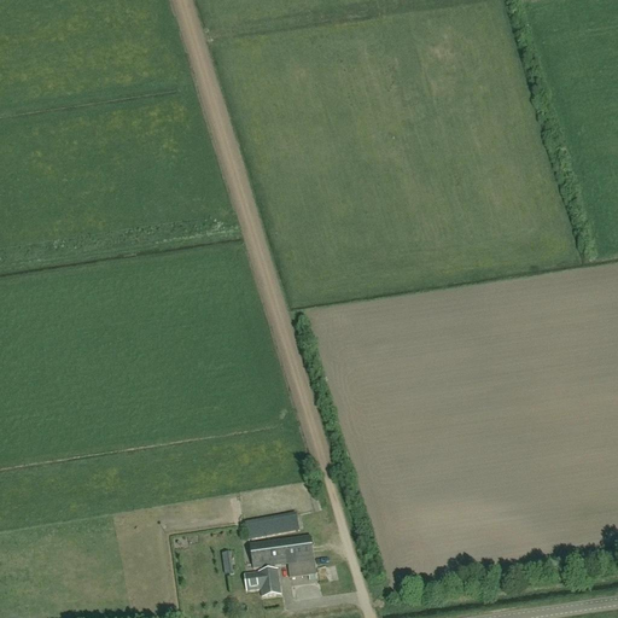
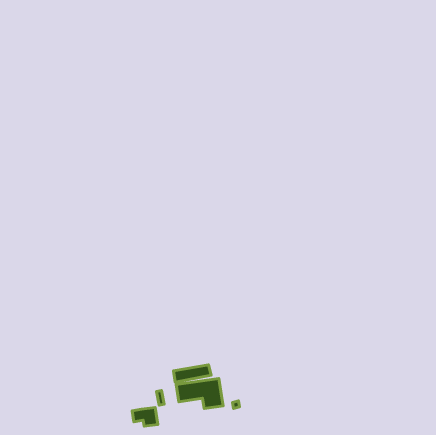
building: [244,570,280,596] -> [132,407,158,426]

